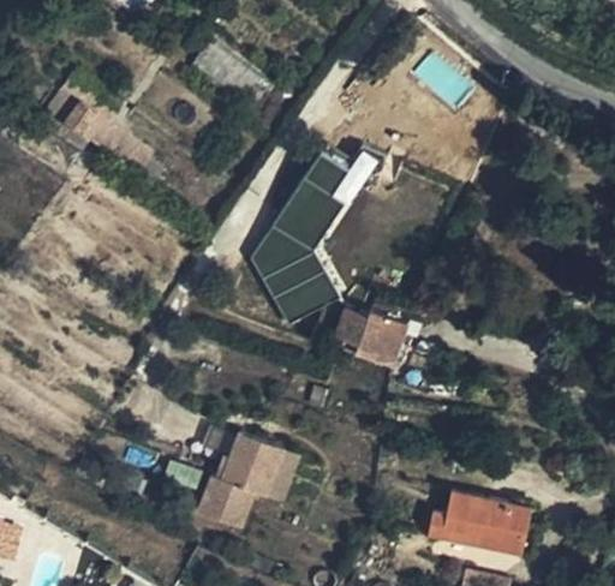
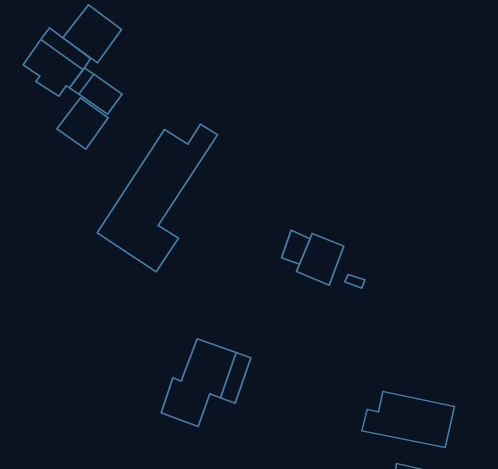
building: none -> [63,5,122,63]
building: [239,153,376,321] -> [97,124,217,272]
building: none -> [57,98,108,149]

